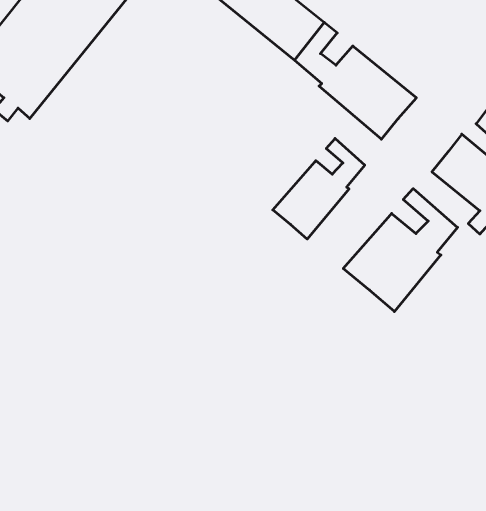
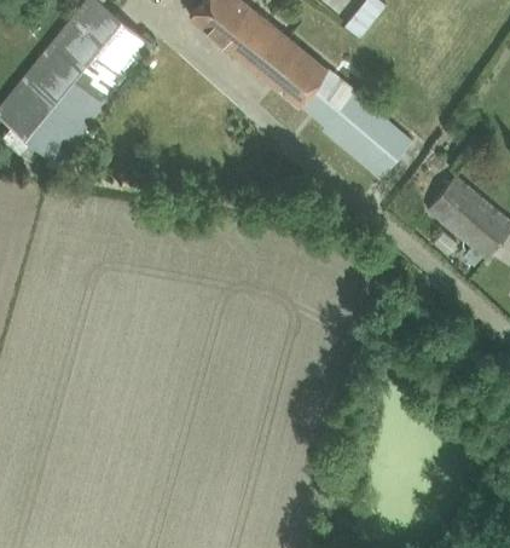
building: [273,138,365,239] -> none
building: [343,189,458,312] -> none

